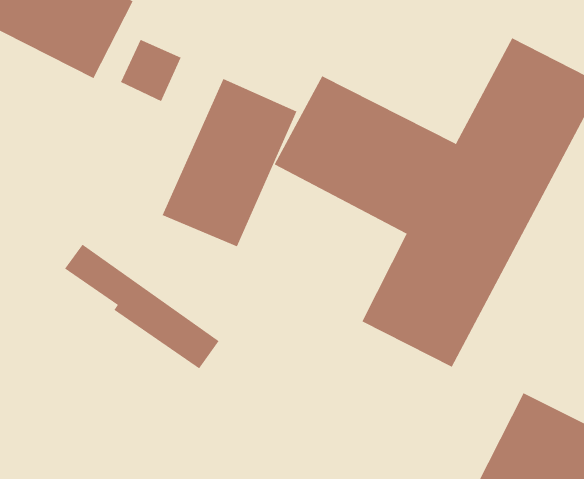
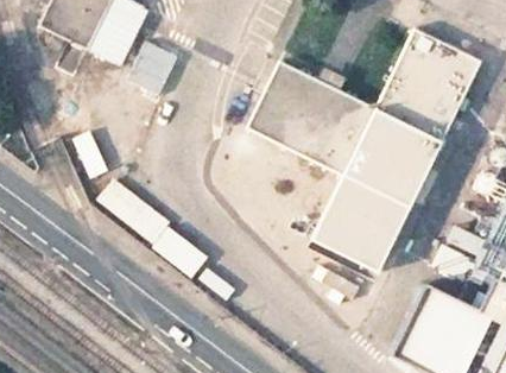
building: [162,78,297,247] -> none

